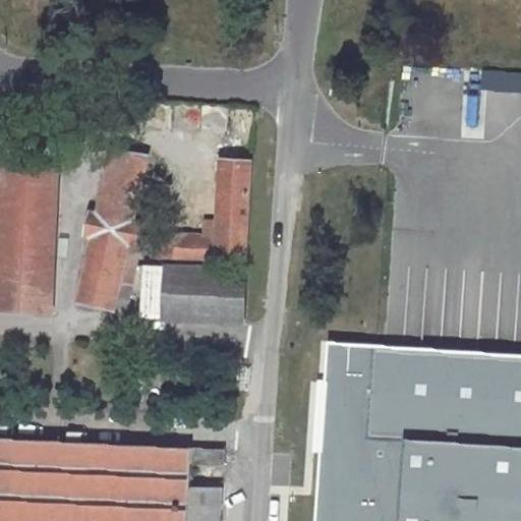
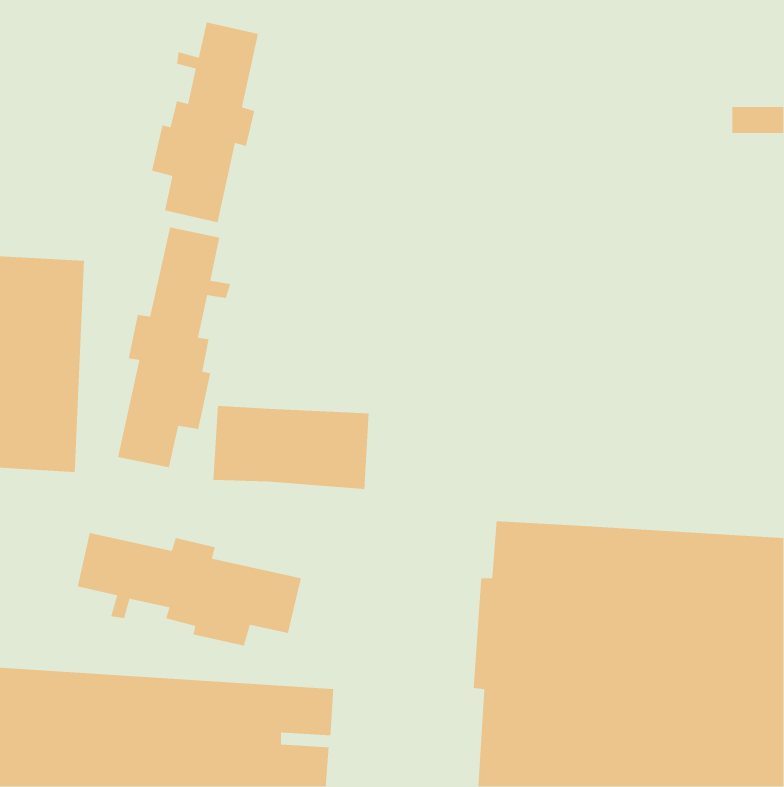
building: none -> [151,21,259,223]
building: [153,163,251,267] -> none
building: none -> [77,532,302,647]

